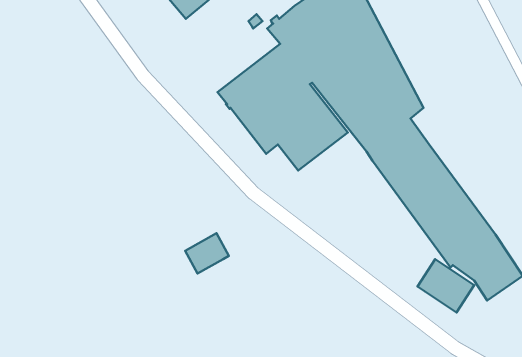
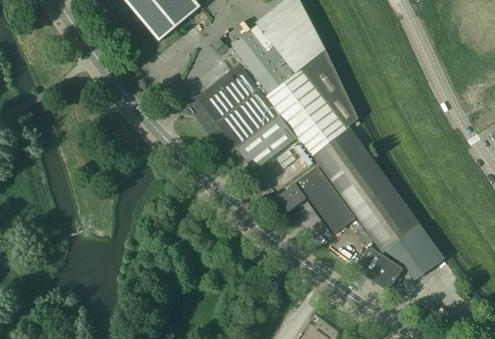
building: none -> [277,165,356,234]
building: [185,233,229,274] -> none

